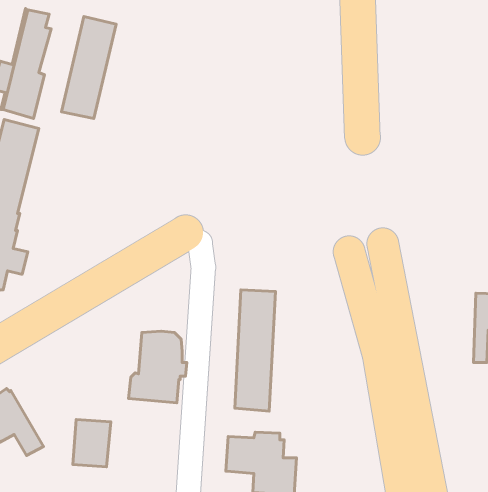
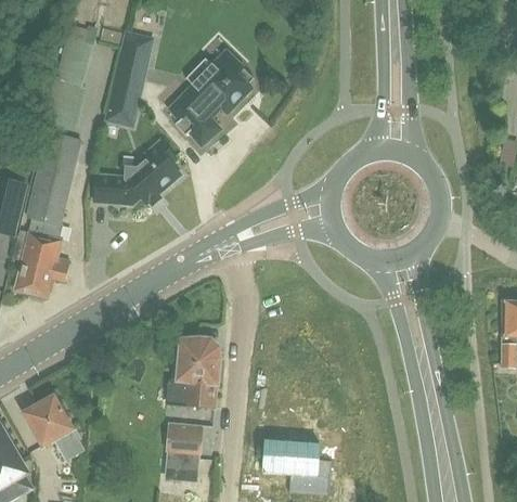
building: none -> [171,51,251,144]
building: none -> [95,141,181,204]
building: [235,290,275,411] -> none
building: [73,420,111,467] -> [167,422,204,467]

